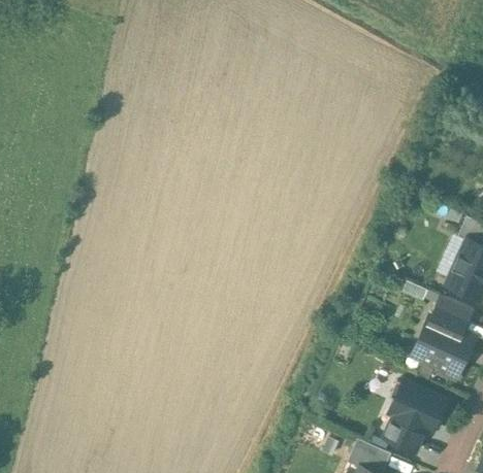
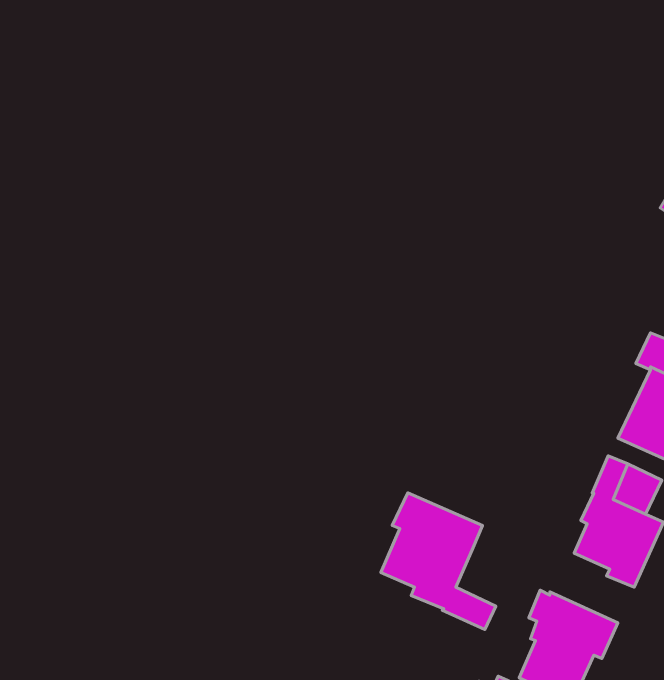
building: none -> [381,493,496,629]

